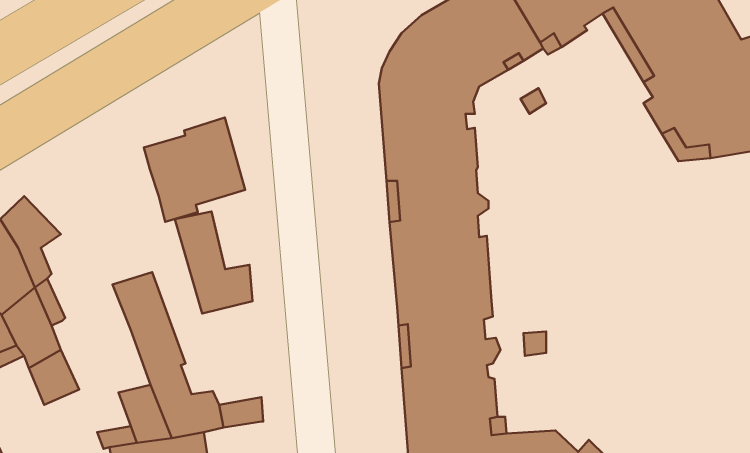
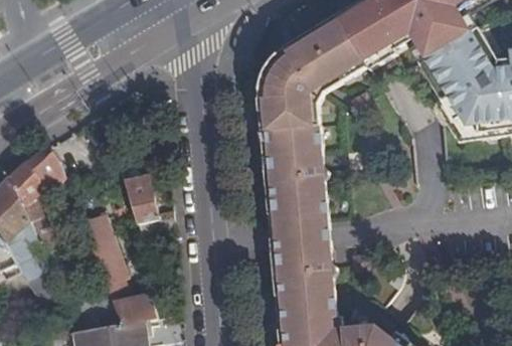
building: [144,117,245,222] -> none
building: none -> [24,146,66,188]

